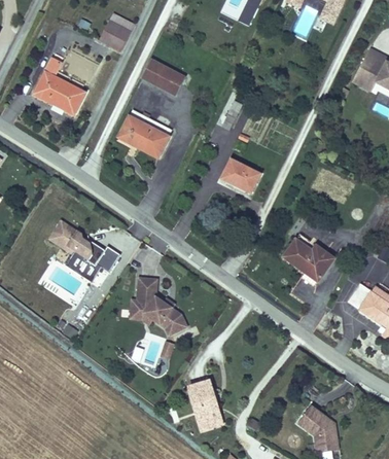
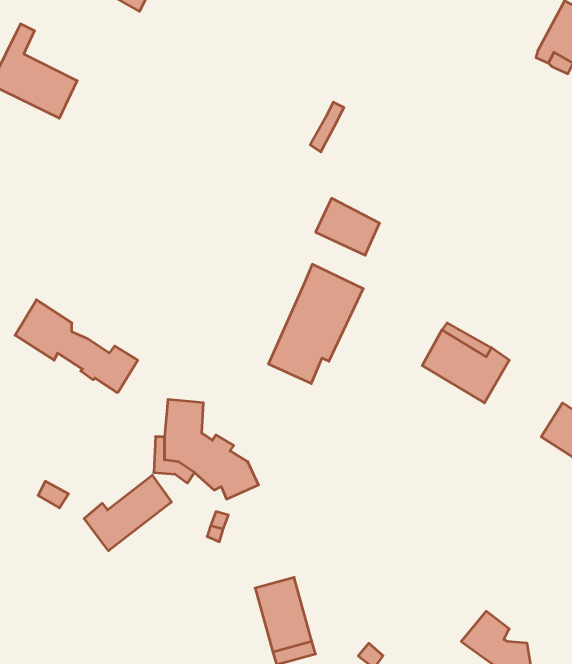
building: [142,59,184,95] -> none
building: [117,110,171,157] -> none
building: none -> [269,264,363,384]
building: none -> [84,475,171,551]

